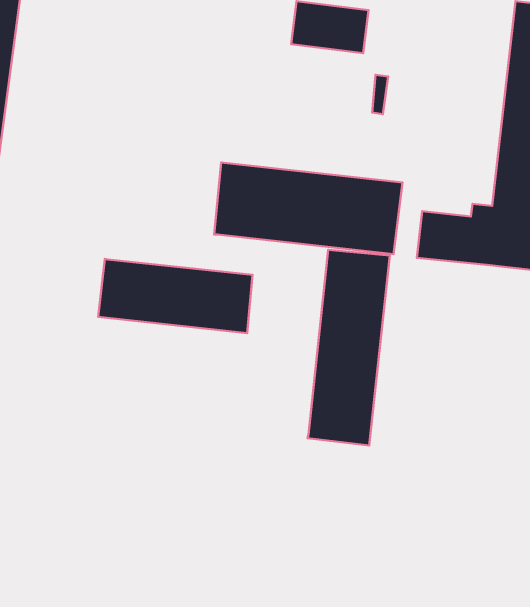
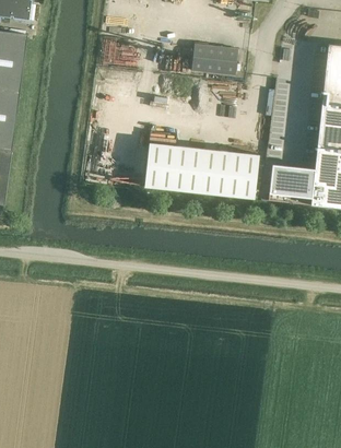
building: [308,250,390,446] -> none
building: [98,259,253,333] -> none

